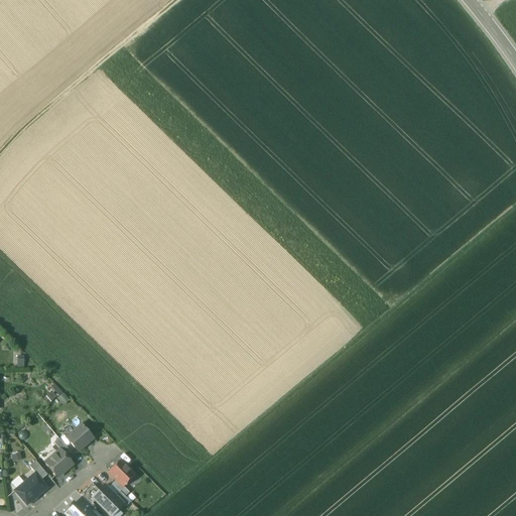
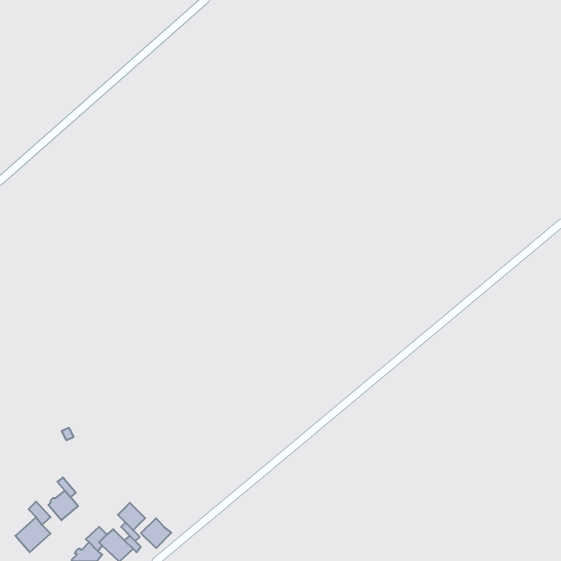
building: [64,424,92,450] -> none
building: none -> [141,518,171,548]

